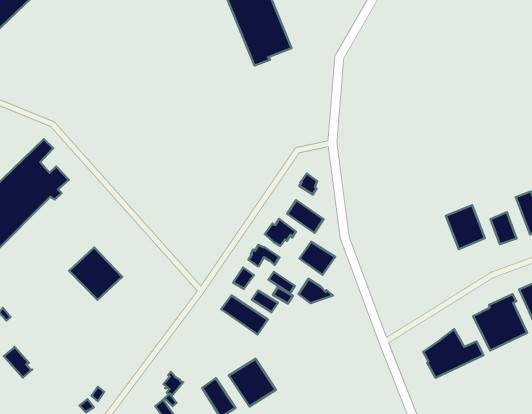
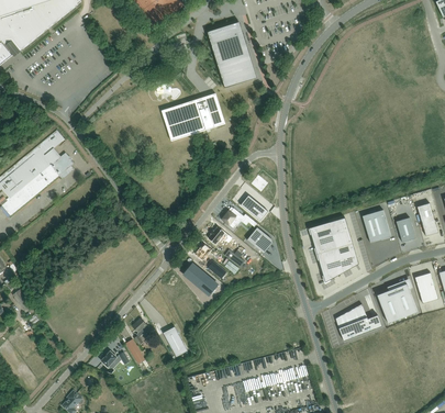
building: none -> [163,96,225,139]
building: none -> [309,216,359,281]
building: [69,248,122,300] -> none
building: [229,359,276,406] -> none

